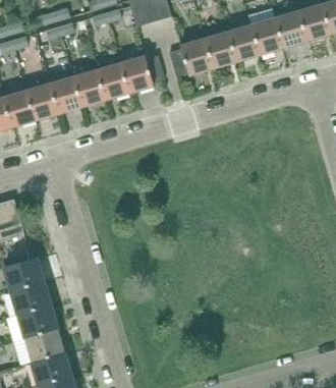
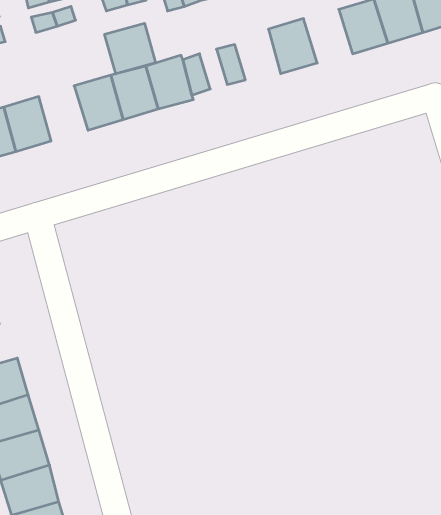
building: [227,24,260,60] -> none
building: none -> [105,23,156,74]
building: [180,38,212,74] -> none
building: [51,75,83,112] -> none

